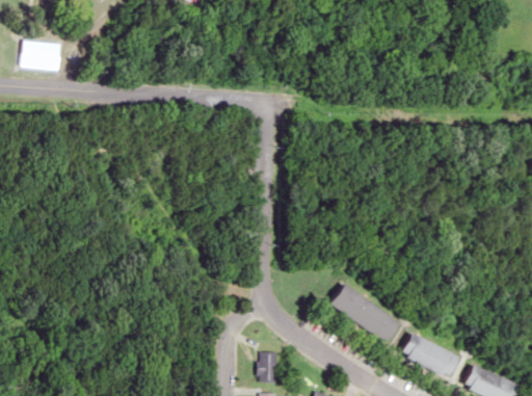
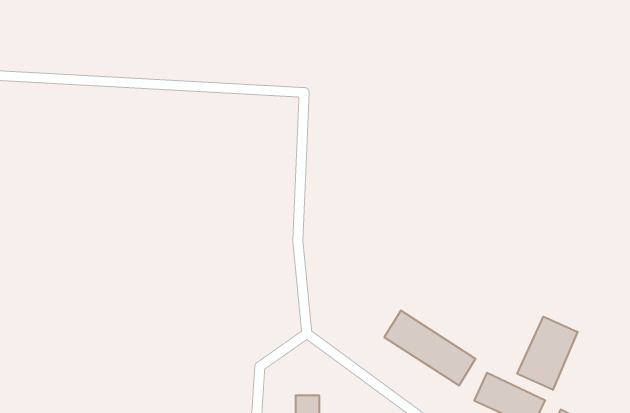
building: [20,42,61,73] -> none
building: none -> [517,317,578,390]

